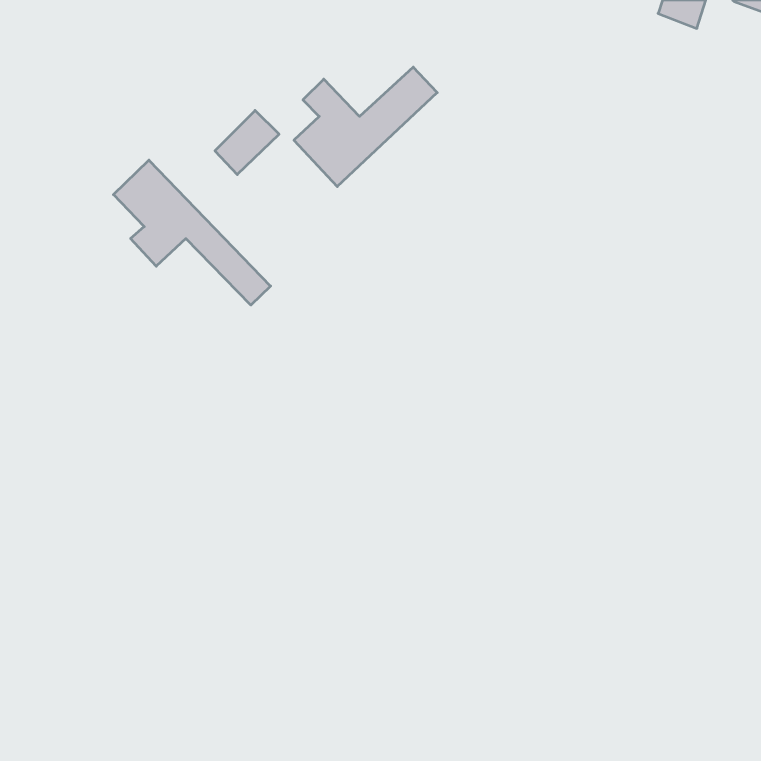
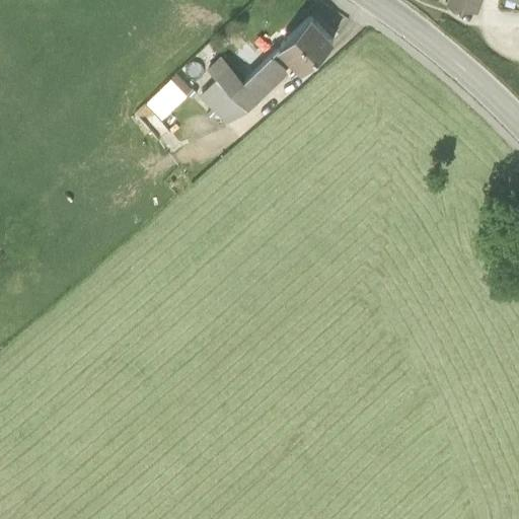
building: none -> [282,16,337,71]
building: [113,160,271,305] -> none

